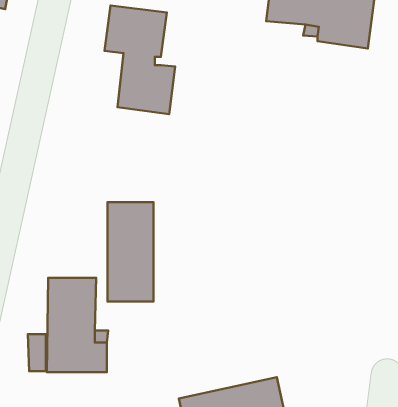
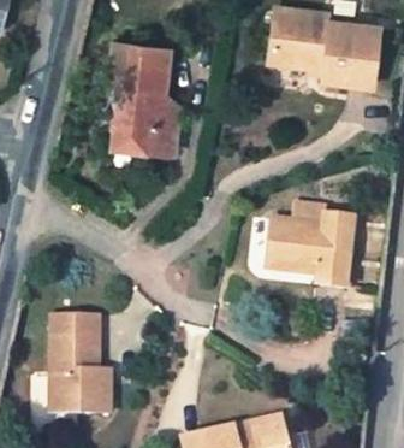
building: none -> [265,211,355,282]
building: [108,202,154,301] -> none

